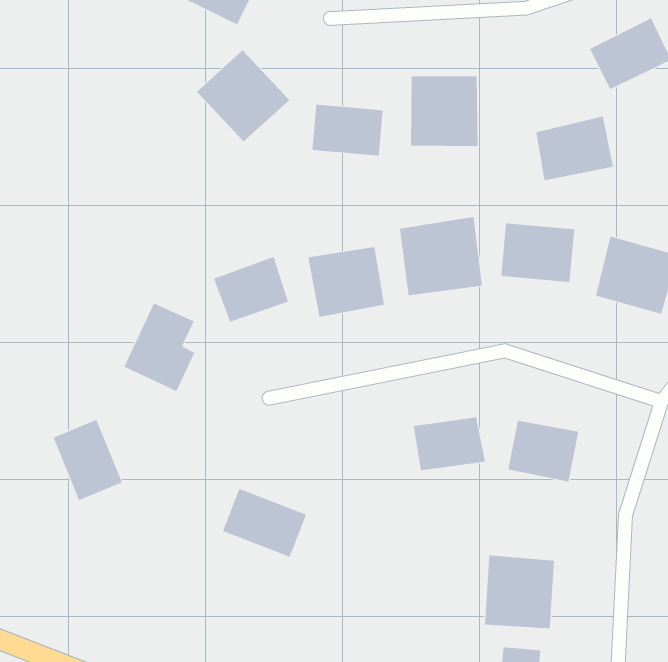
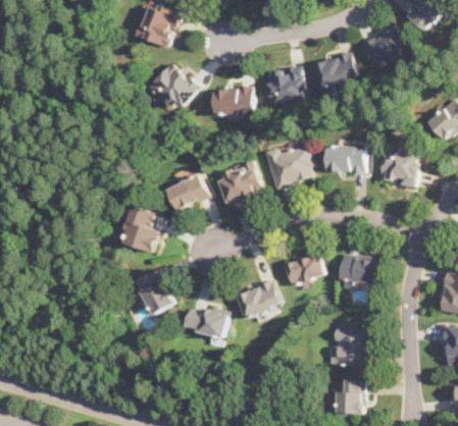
building: [535,116,614,181] -> [313,51,358,90]
building: [53,419,123,501] -> [135,268,175,314]
building: none -> [235,281,282,320]

